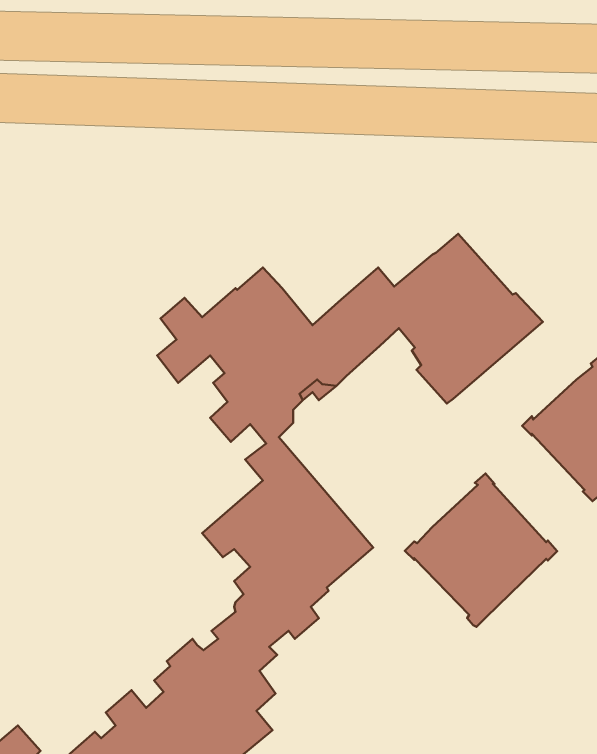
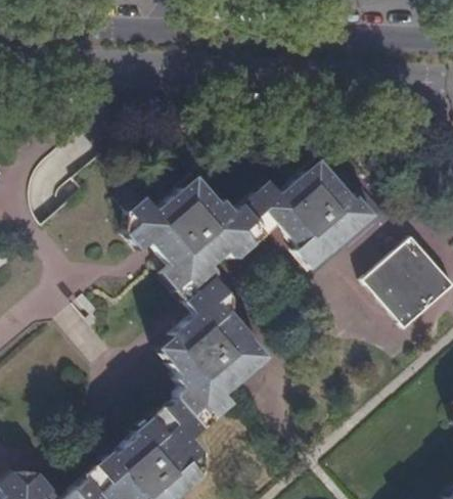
building: [405,473,557,627] -> none

